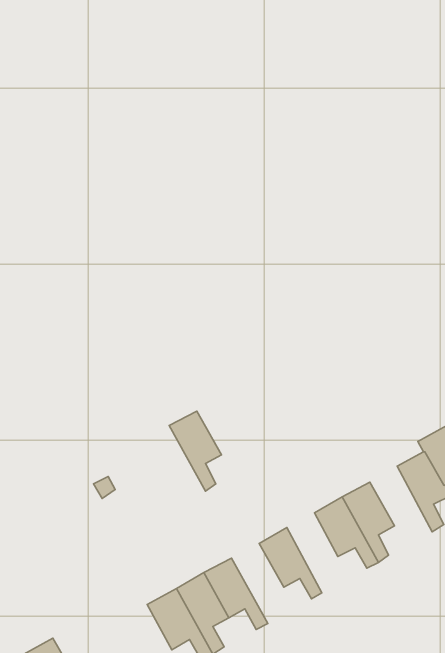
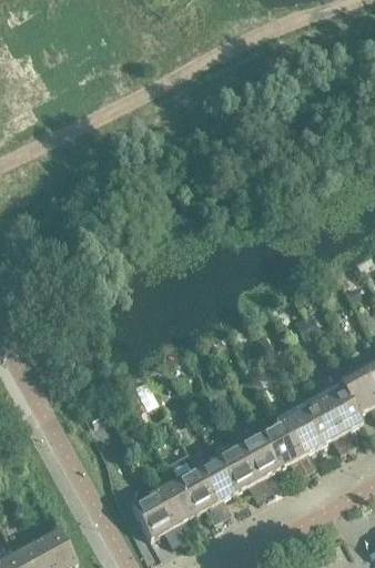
building: [169,411,221,491] -> [195,457,235,518]
building: none -> [301,398,348,453]
building: none -> [237,434,276,495]

